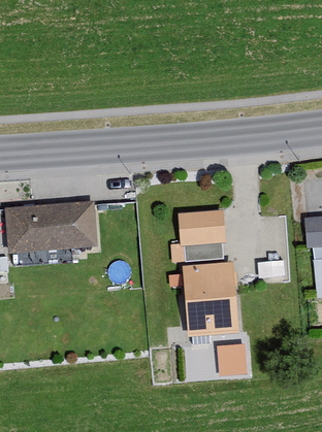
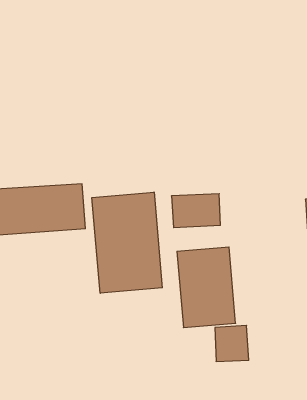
building: none -> [92,192,162,293]

